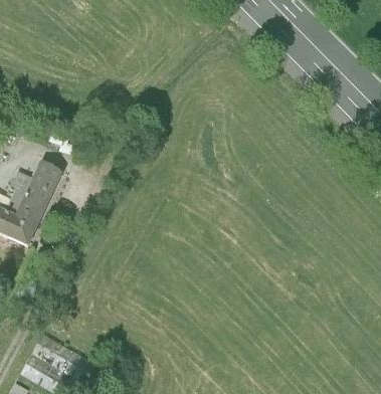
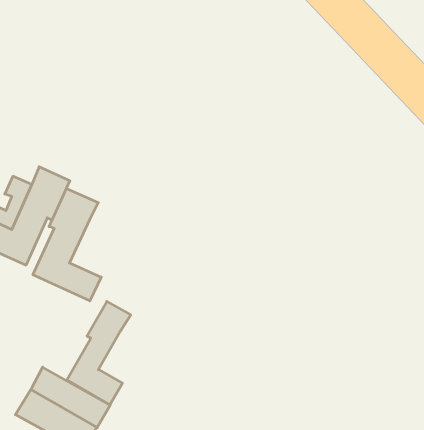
building: none -> [33,188,101,301]
building: none -> [67,301,131,405]

